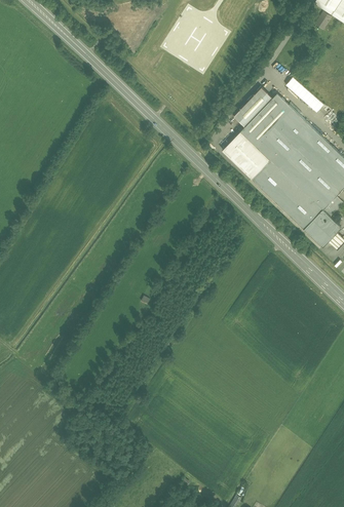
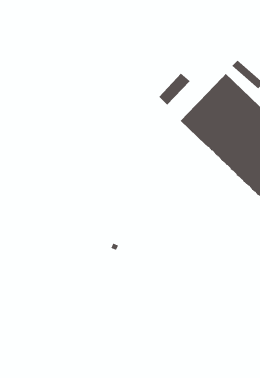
building: [235,88,273,127] -> [159,73,190,105]

